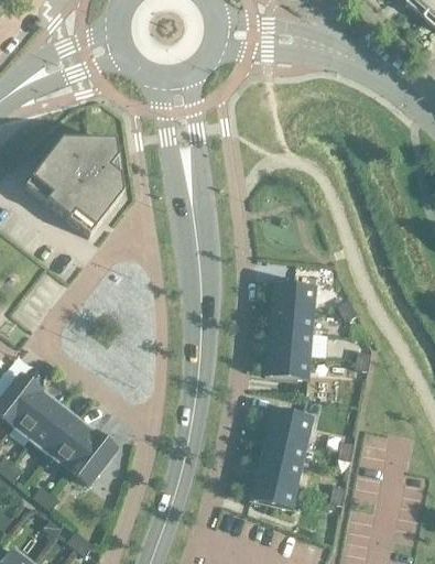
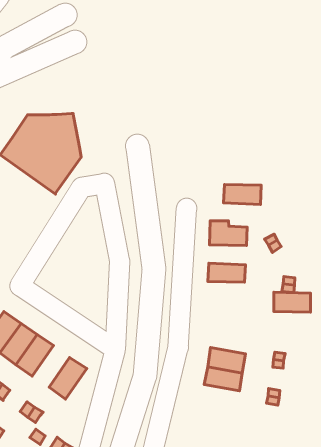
building: [269,307,315,334] -> [224,184,261,205]
building: [265,351,311,378] -> [274,292,311,312]
building: [265,409,313,441] -> none
building: [50,419,96,468] -> none
building: [251,475,297,507] -> none

